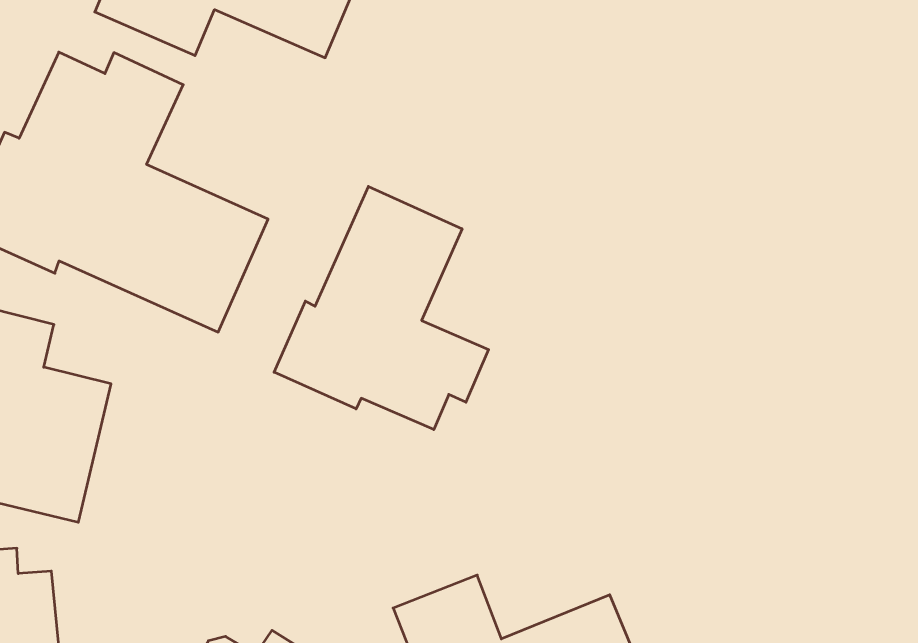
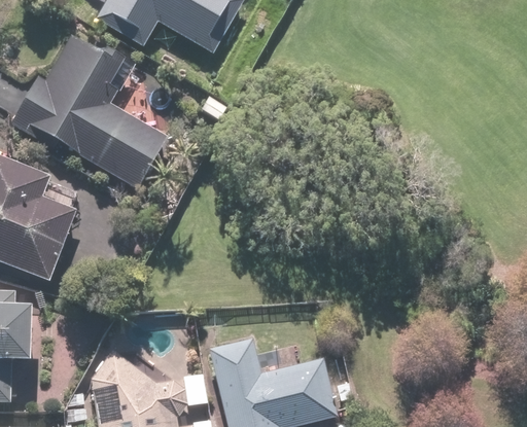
building: [274,186,489,430] -> none

